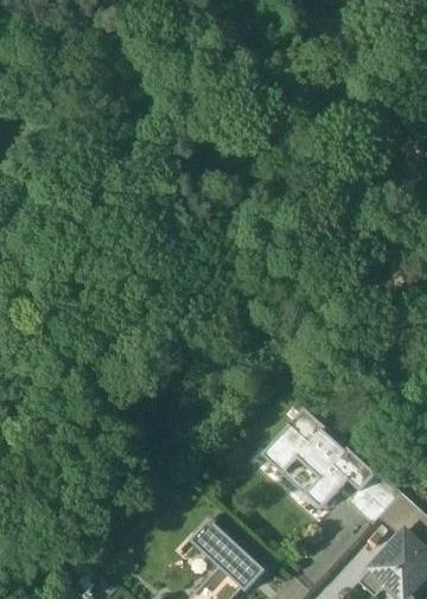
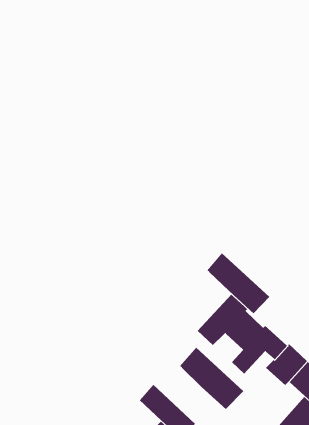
building: none -> [206,252,270,314]
building: none -> [179,347,244,410]

